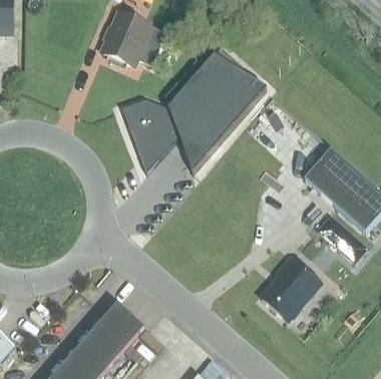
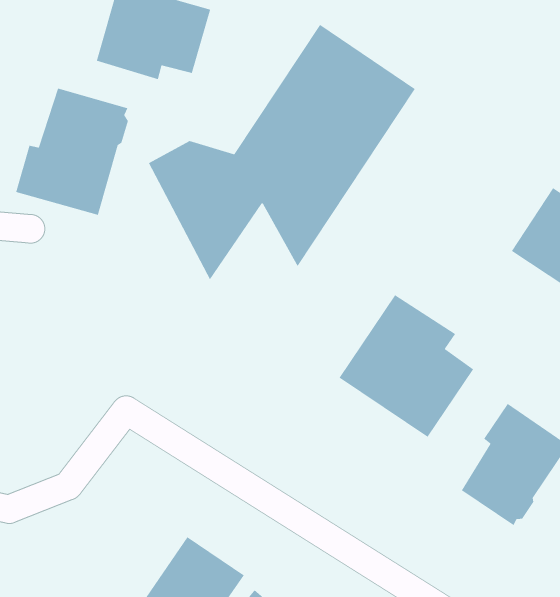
building: none -> [15,87,129,216]
building: none -> [339,294,474,438]

